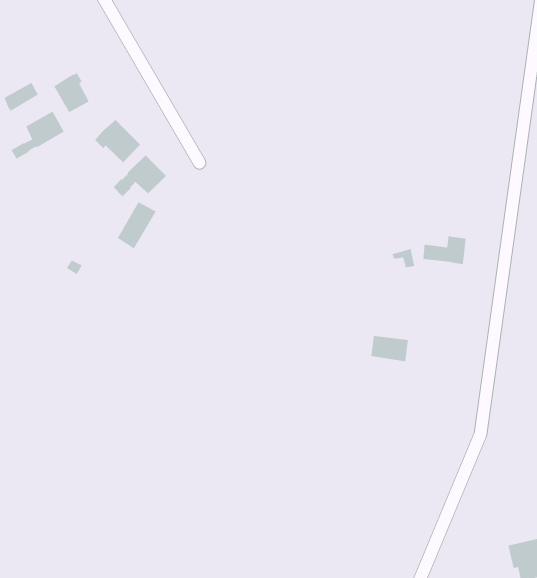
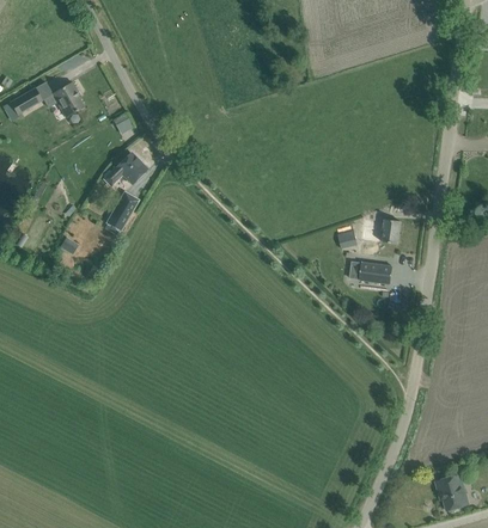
building: [10,111,65,160] -> none
building: [94,119,141,163] -> none
building: [370,335,409,362] -> [360,262,392,284]

